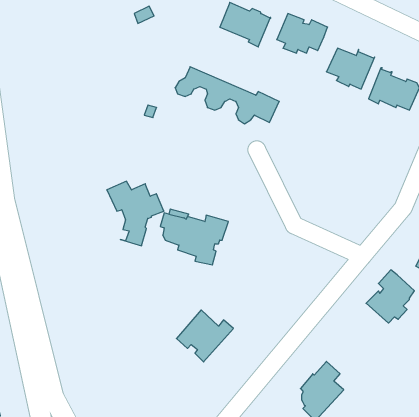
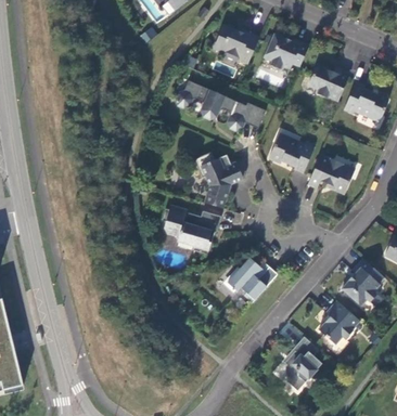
building: none -> [268,136,313,172]
building: none -> [307,153,353,193]
building: [107,181,164,246] -> [193,152,243,208]
building: [176,310,233,362] -> [228,257,278,302]
building: none -> [319,300,360,343]

